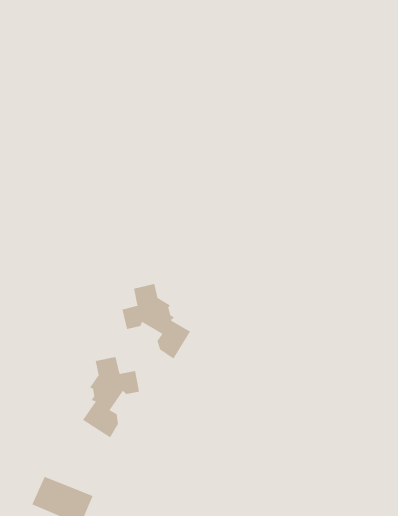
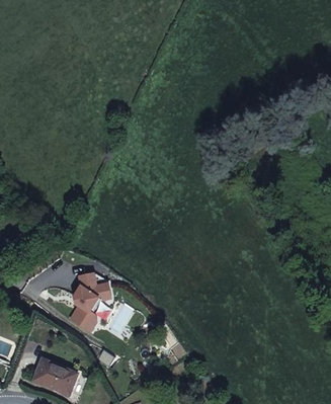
building: [122,283,191,359] -> none

